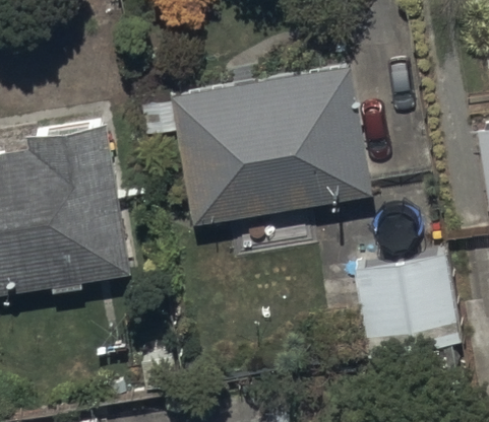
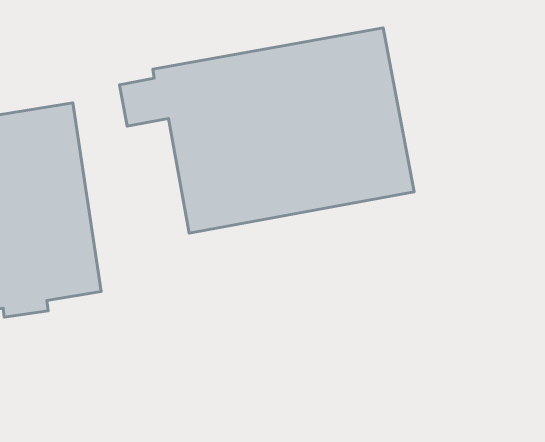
building: [357,257,463,353] -> none

